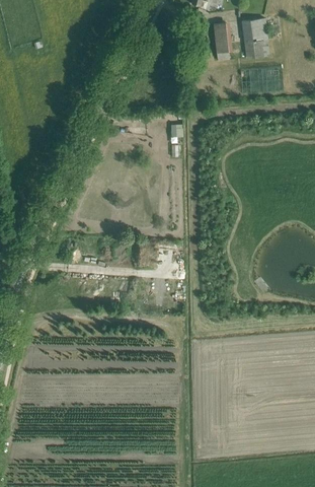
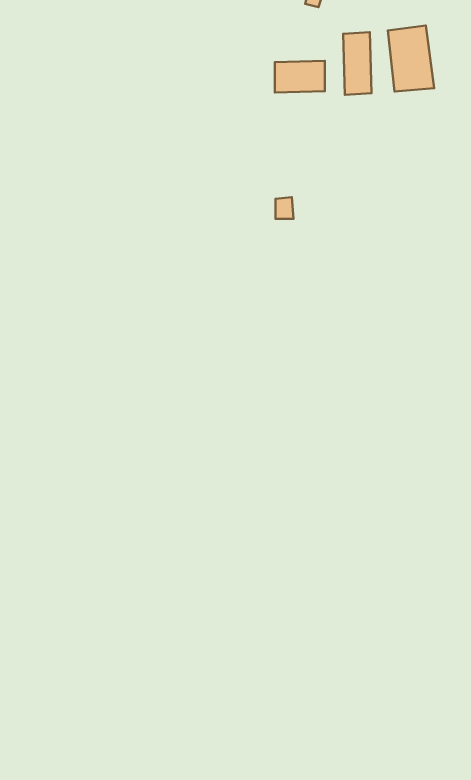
building: none -> [275,61,325,92]

